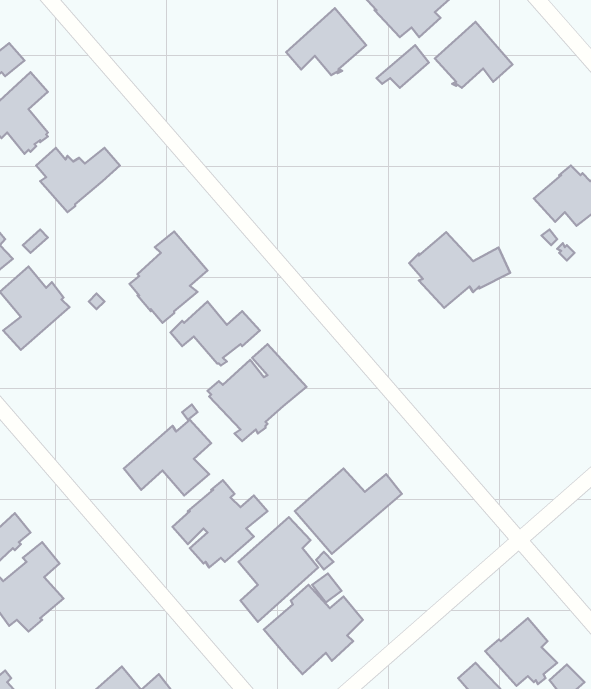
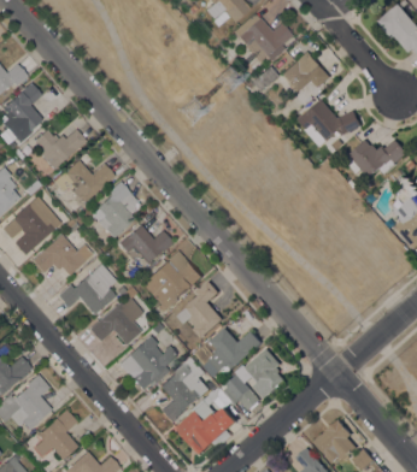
building: [286,8,366,75] -> none
building: none -> [53,159,114,201]
building: [409,232,510,308] -> [298,100,360,147]
building: none -> [31,234,92,275]
building: none -> [57,262,116,313]
building: none -> [177,281,222,338]
building: none -> [225,348,283,411]
building: none -> [34,408,77,459]

